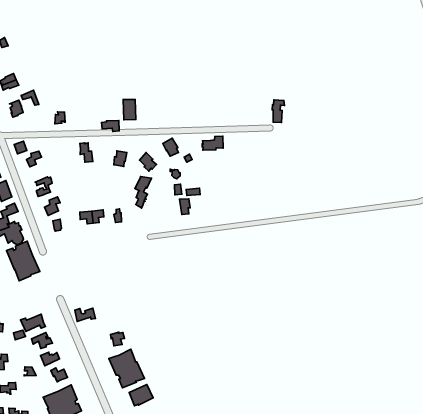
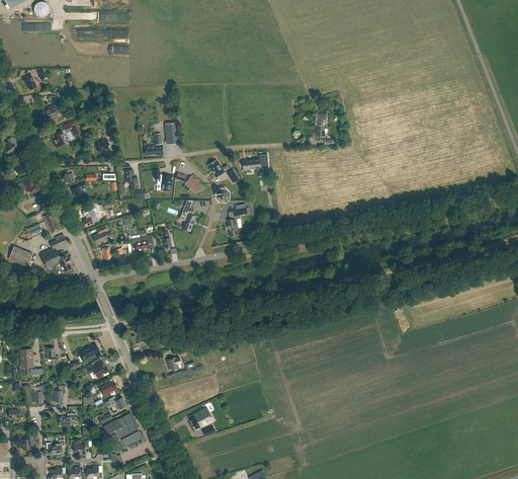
building: [7,241,40,281] -> none
building: [109,349,144,388] -> none

